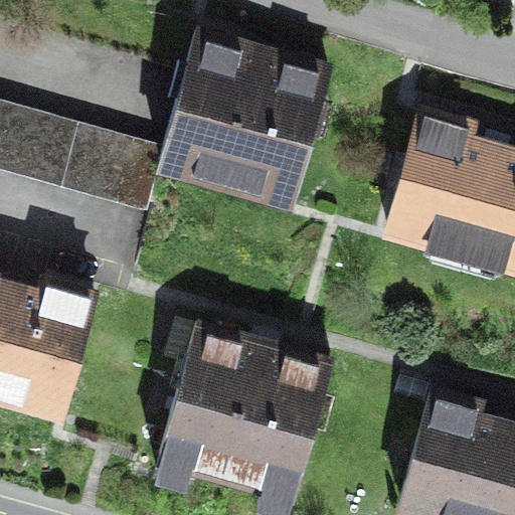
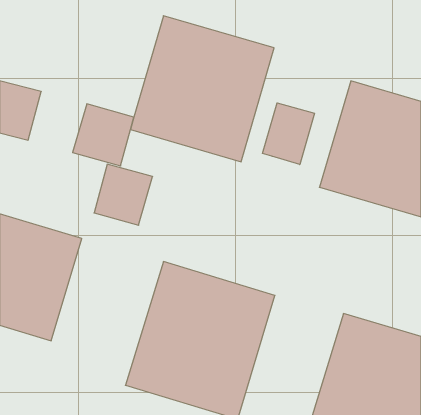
building: [34,120,106,194] -> [94,164,153,225]
building: none -> [263,103,315,165]

